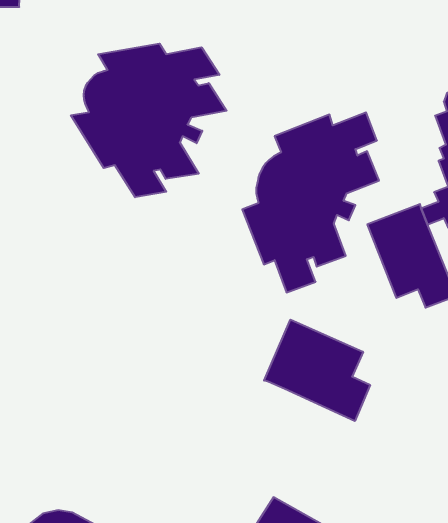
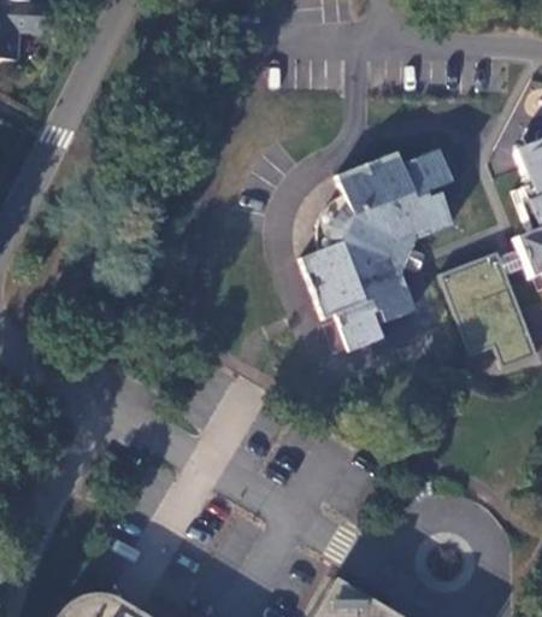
building: [71,44,227,197] -> none
building: [264,320,370,421] -> none

